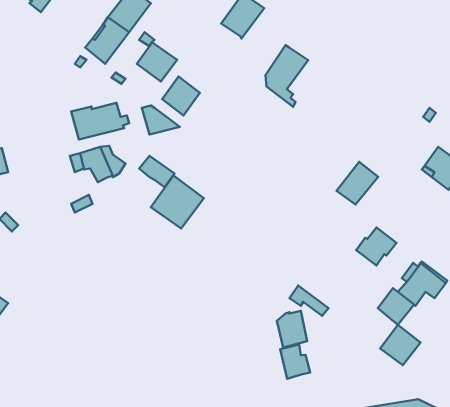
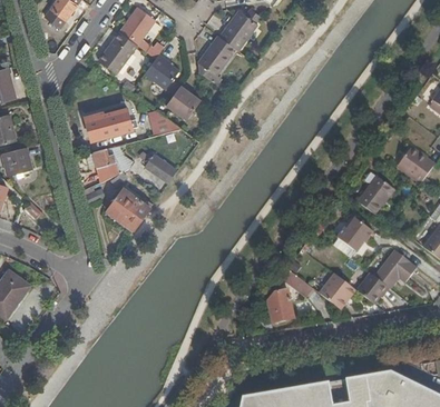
building: [265,45,308,107] -> [198,36,236,90]
building: [337,162,378,205] -> [358,176,394,214]
building: [151,176,204,229] -> [105,187,151,234]
building: [380,325,421,365] -> [321,274,356,309]
building: [280,345,310,379] -> none

